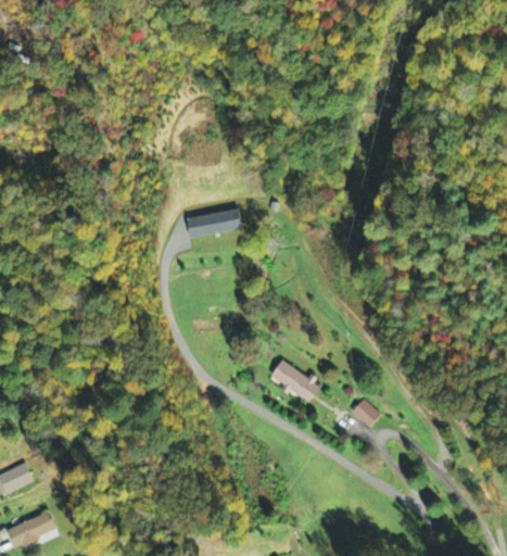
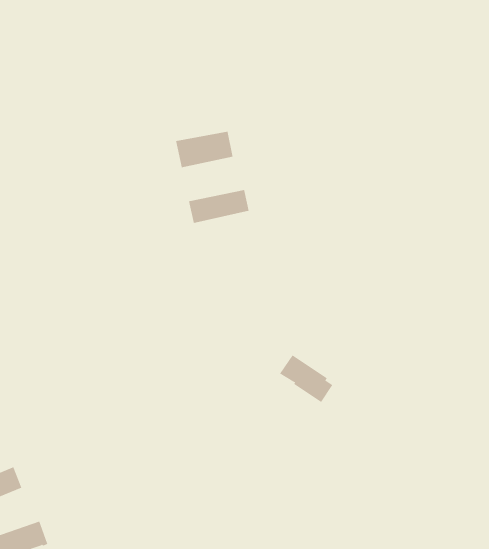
building: none -> [176,131,233,168]
building: [351,400,380,428] -> none

